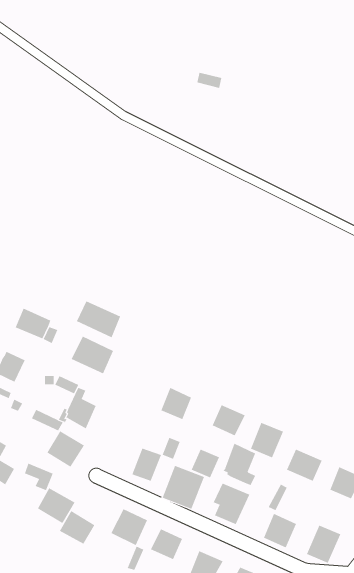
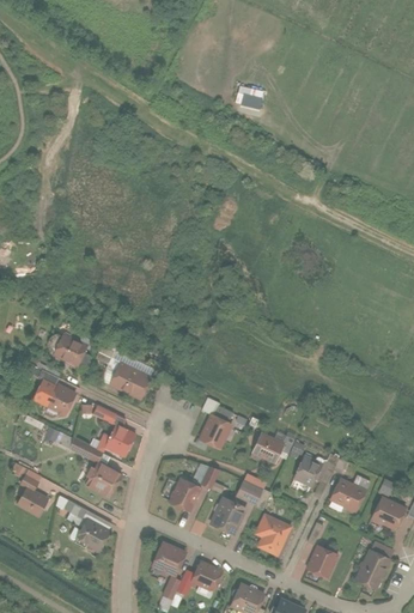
building: [76,301,121,338] -> none
building: none -> [50,386,79,418]
building: [223,443,256,486] -> none
building: [59,510,95,544] -> none

